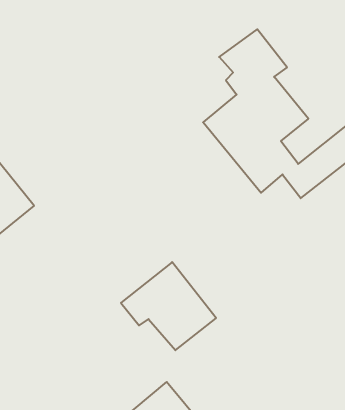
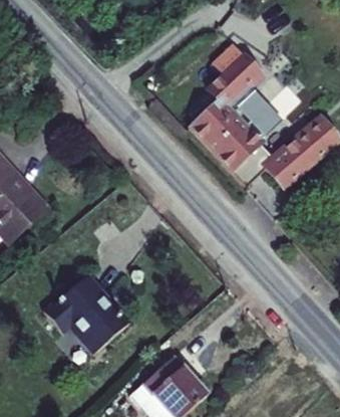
building: [121,262,216,350] -> [44,274,128,352]

